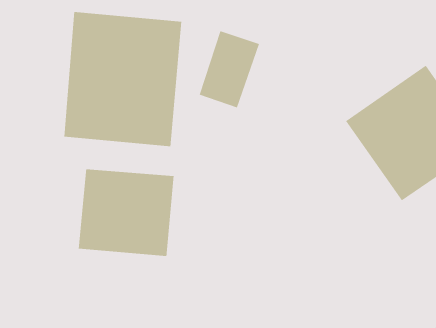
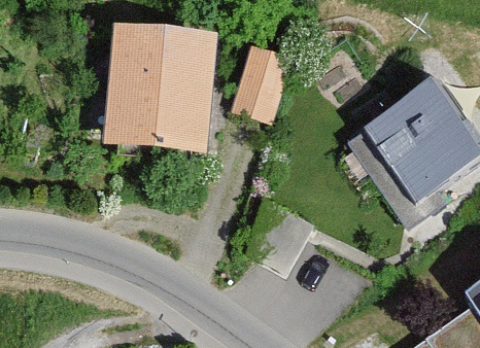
building: [78,168,174,257] -> none

